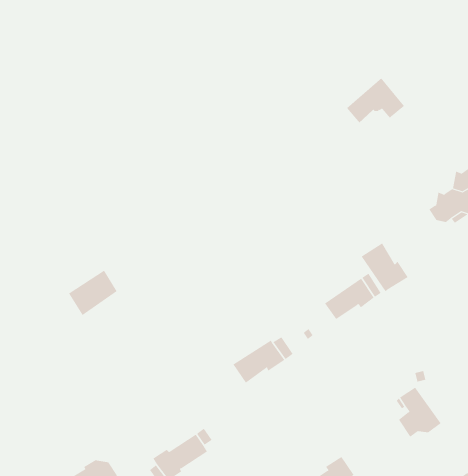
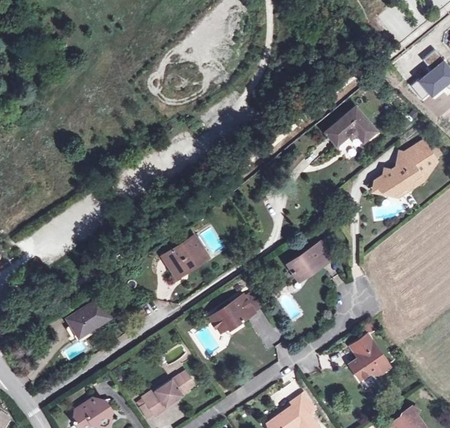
building: [346,78,405,123] -> [325,106,375,145]
building: [361,243,408,292] -> none
building: [68,270,117,316] -> [67,298,109,337]
building: none -> [163,236,206,281]

